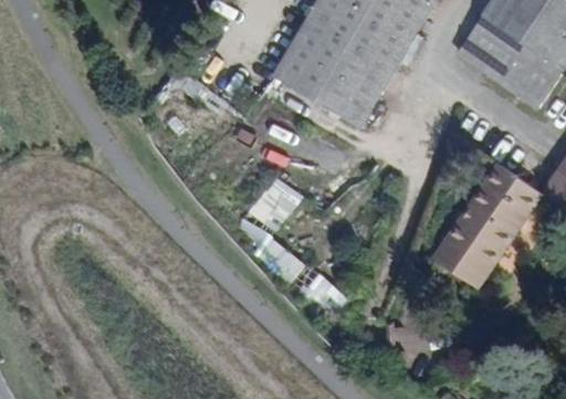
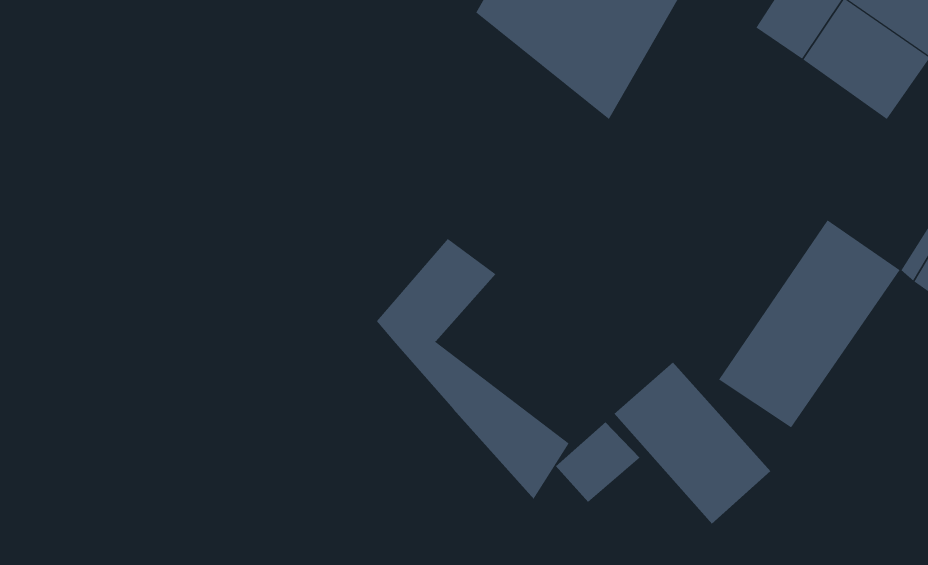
building: [274,43,371,125] -> none
building: none -> [613,362,771,525]
building: none -> [555,421,640,503]

